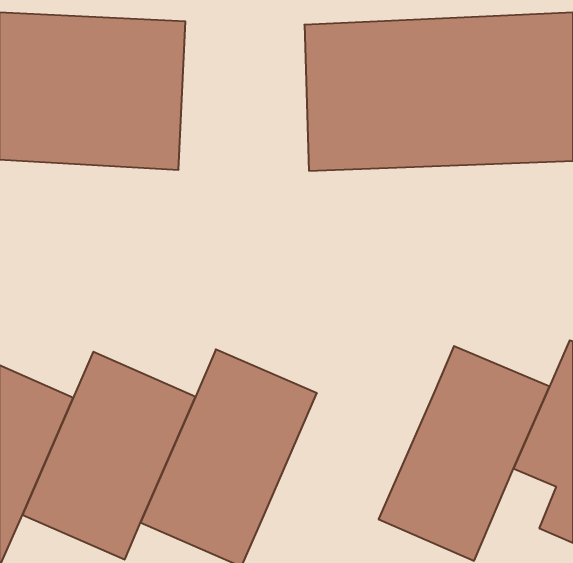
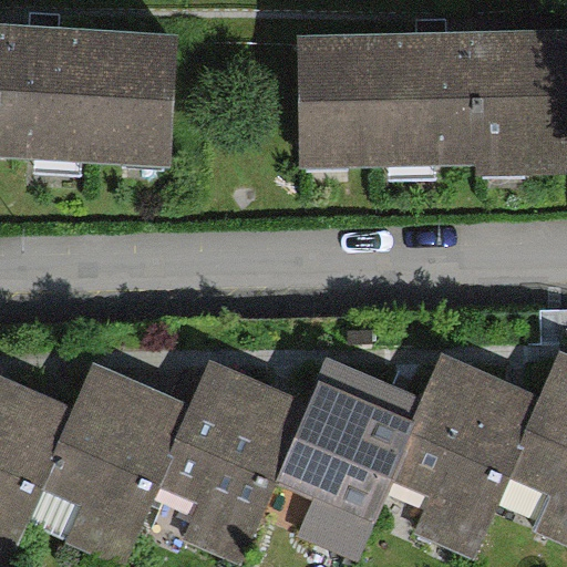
building: none -> [260,358,427,560]

